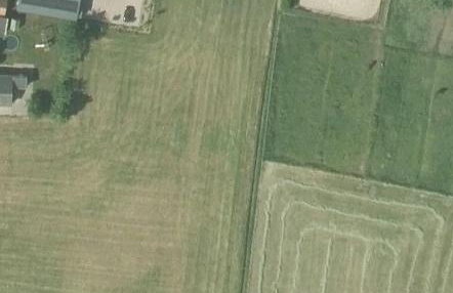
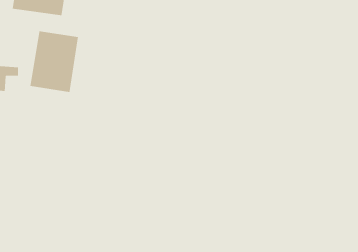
building: none -> [30,30,78,93]

